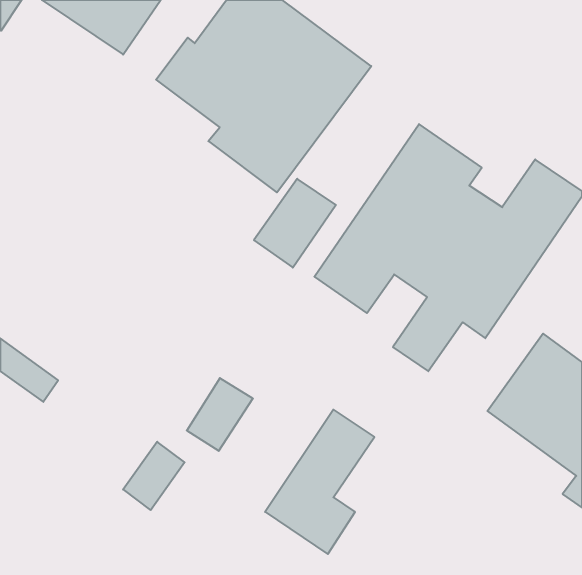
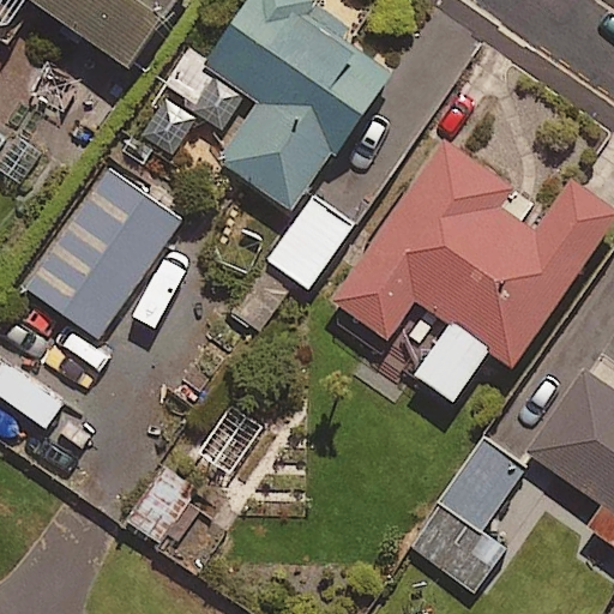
building: none -> [28,171,182,341]
building: [265,410,374,554] -> [409,443,524,595]

